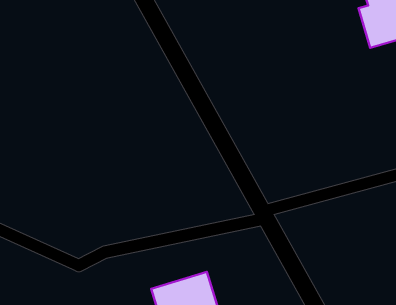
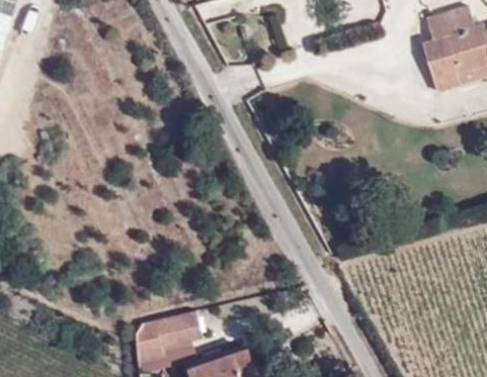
building: none -> [135,312,196,362]

